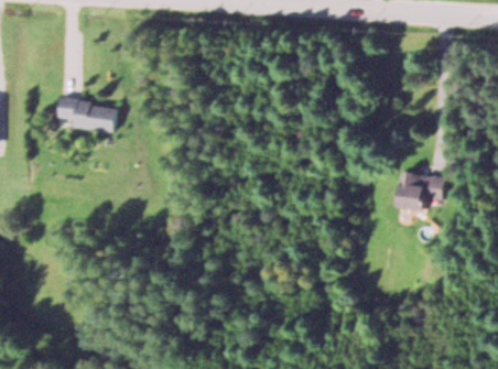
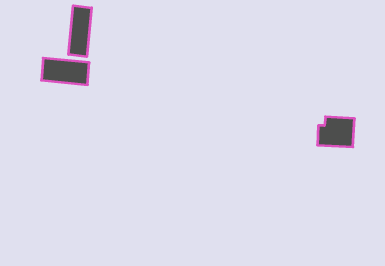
building: none -> [69,6,92,57]

